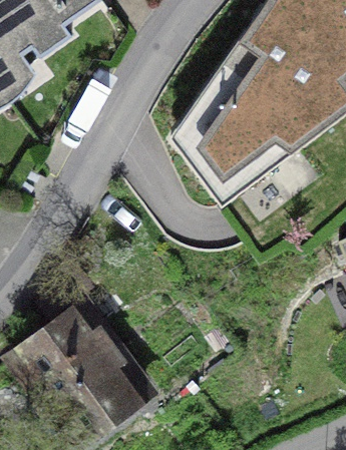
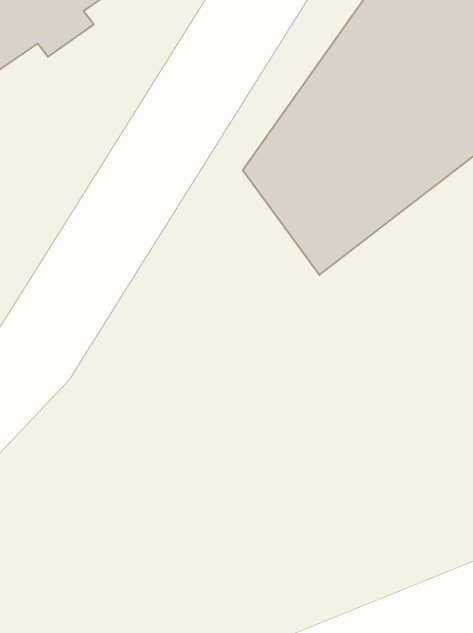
building: [17,300,149,435] -> none

